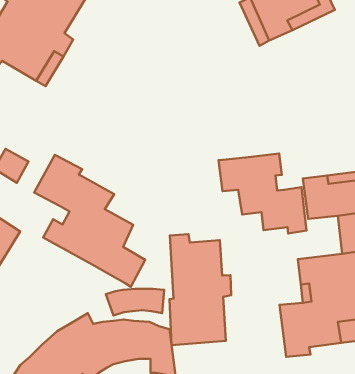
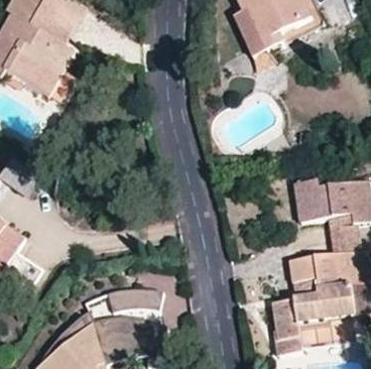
building: [219,153,307,234] -> none
building: [34,155,145,287] -> none
building: [170,234,231,345] -> none

